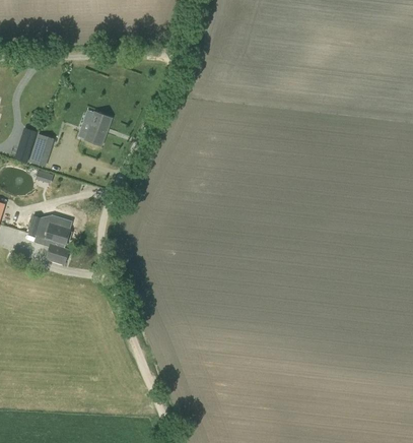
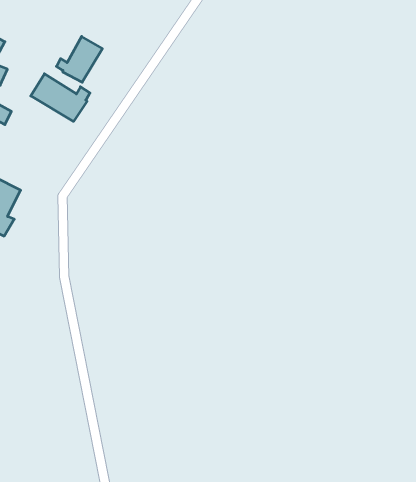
building: none -> [31,74,90,121]

